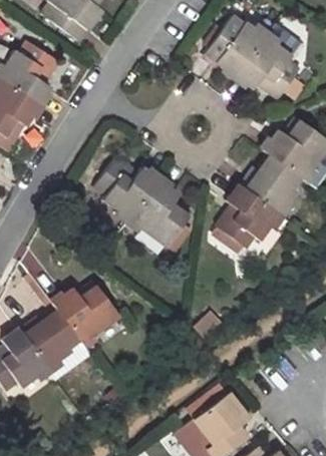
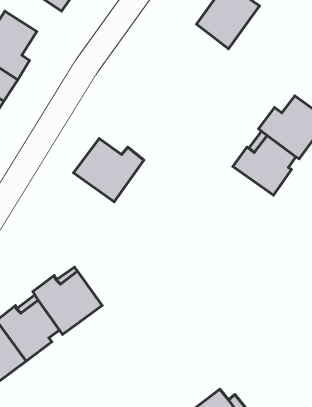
building: [237,35,299,96] -> none
building: [129,179,188,245] -> none
building: [219,184,279,248] -> none

